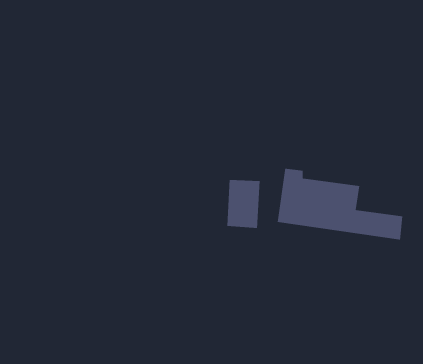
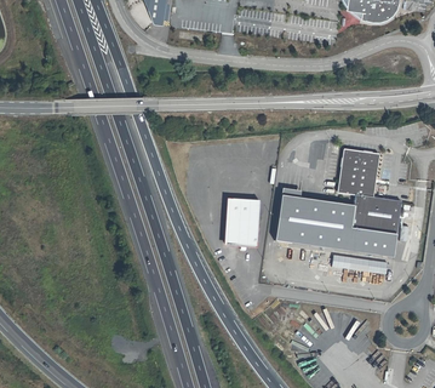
building: none -> [339,149,401,234]

